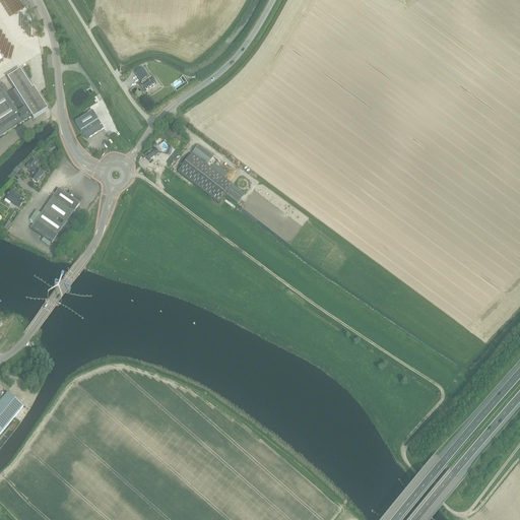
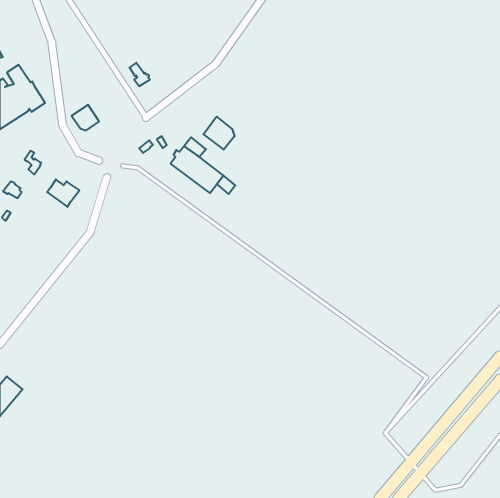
building: none -> [203,117,235,150]
building: [29,199,70,244] -> none

